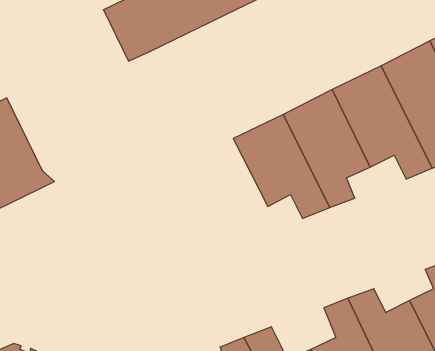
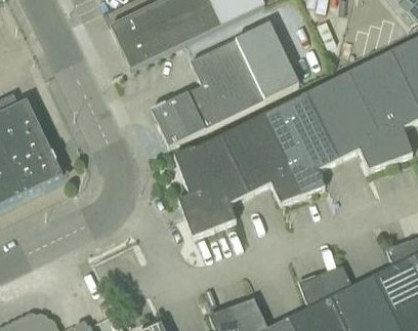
building: none -> [155,22,298,146]
building: none -> [173,134,250,236]

